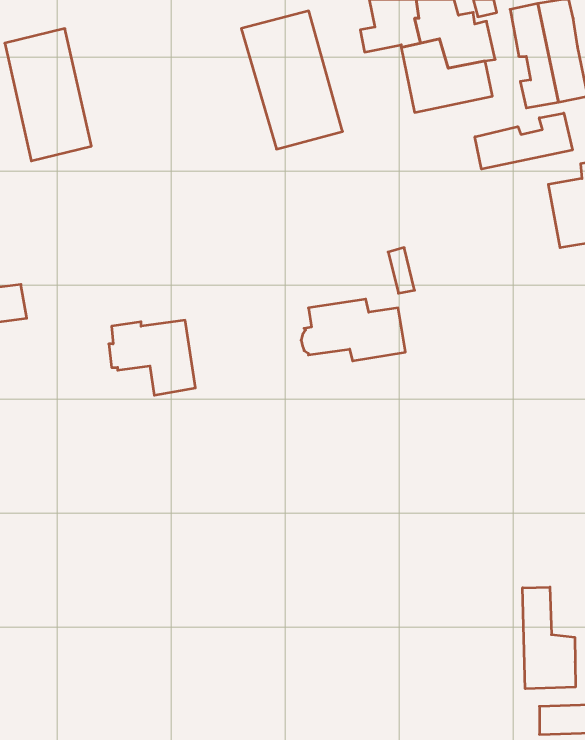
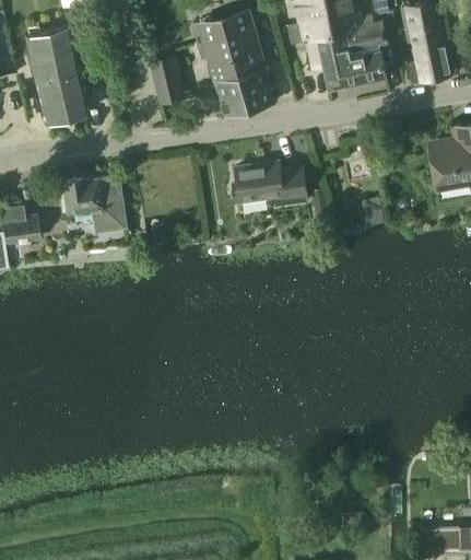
building: none -> [149,54,187,104]
building: [475,113,572,169] -> none
building: [301,299,405,361] -> [231,162,308,208]
building: [109,320,195,395] -> [60,177,125,233]
building: [523,587,575,689] -> none

